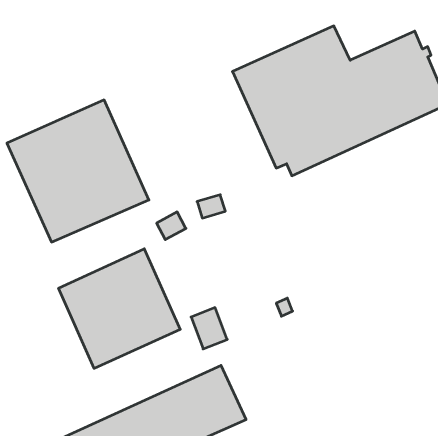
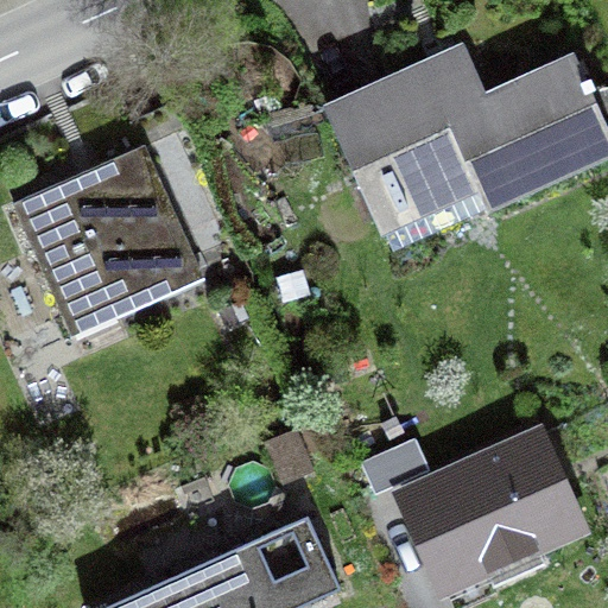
building: [59,249,180,368] -> none
building: none -> [363,423,594,598]

